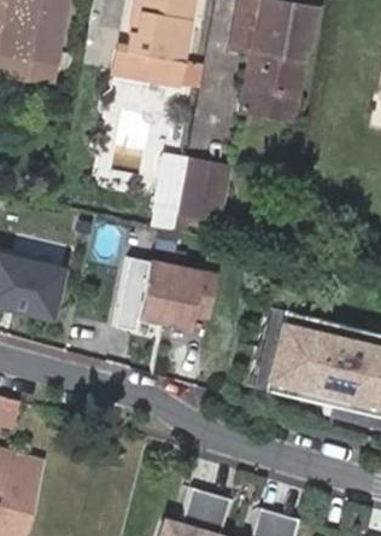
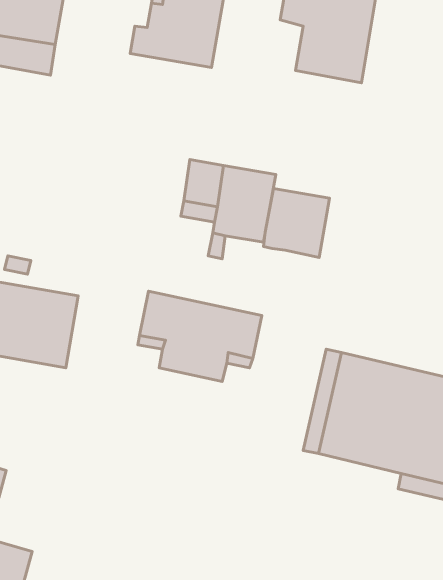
building: [241,85,297,117] -> none
building: none -> [263,189,330,258]

